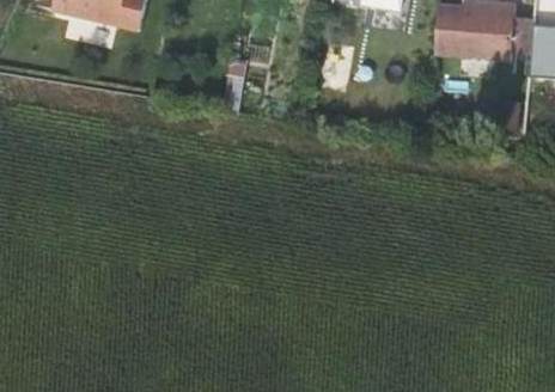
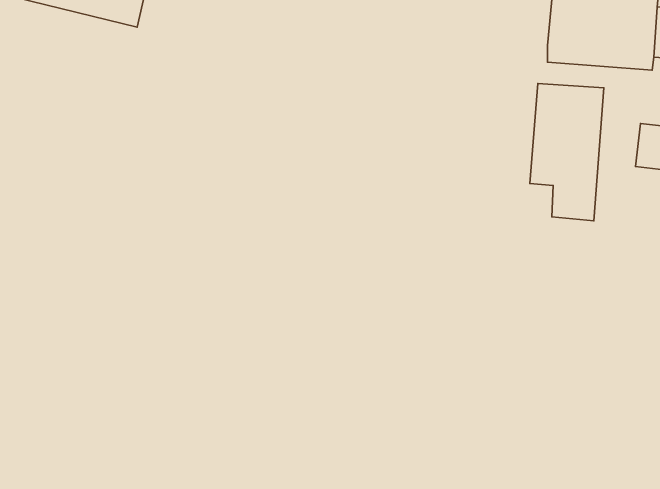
building: none -> [530,83,604,221]

